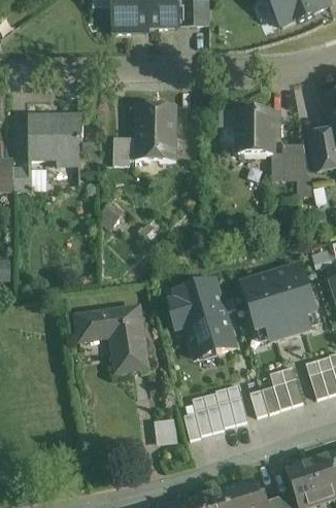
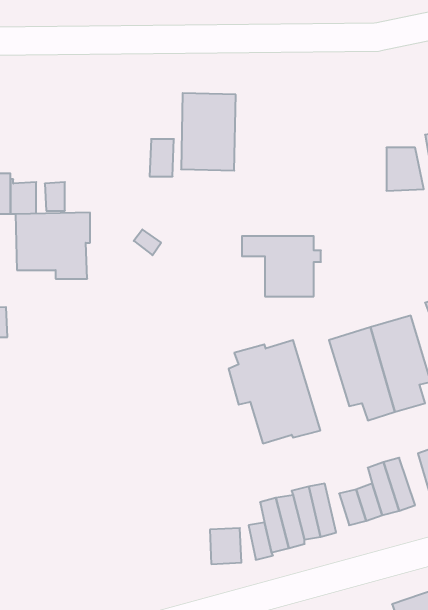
building: [222,111,278,155] -> [242,236,321,296]
building: [28,118,81,166] -> [15,213,90,279]
building: [76,308,148,373] -> none

